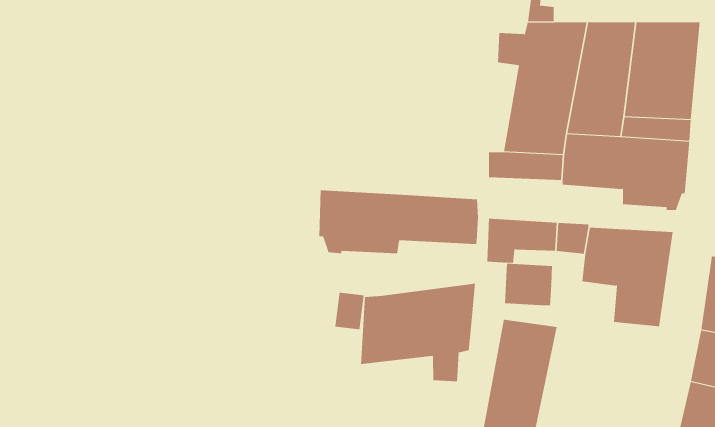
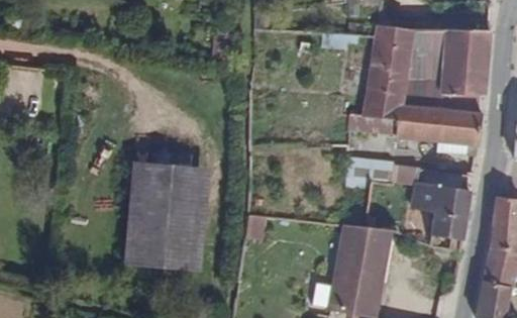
building: [319,190,479,254] -> none
building: none -> [123,164,211,275]
building: [504,263,553,306] -> none
building: [361,283,475,382] -> none

